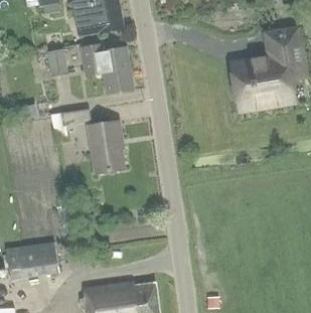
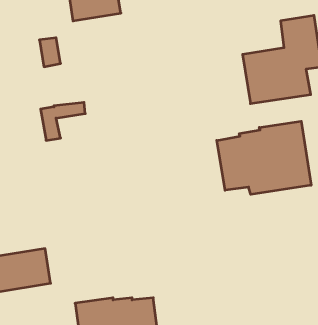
building: [80,42,135,96] -> none
building: [88,119,124,171] -> none
building: none -> [217,121,311,194]

